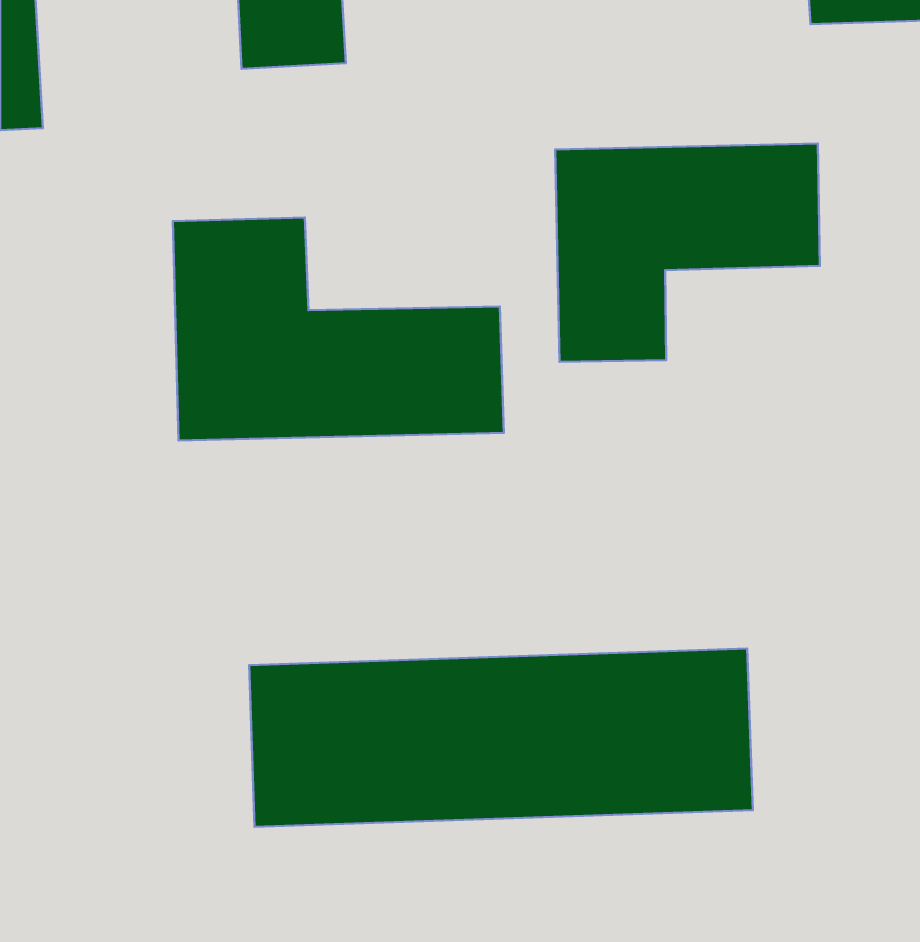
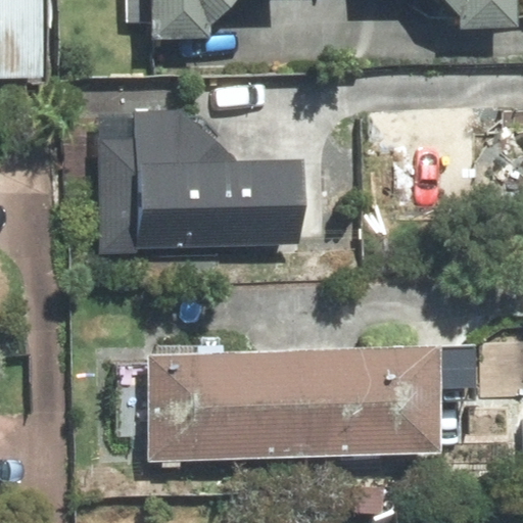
building: [555,143,820,362] -> none

